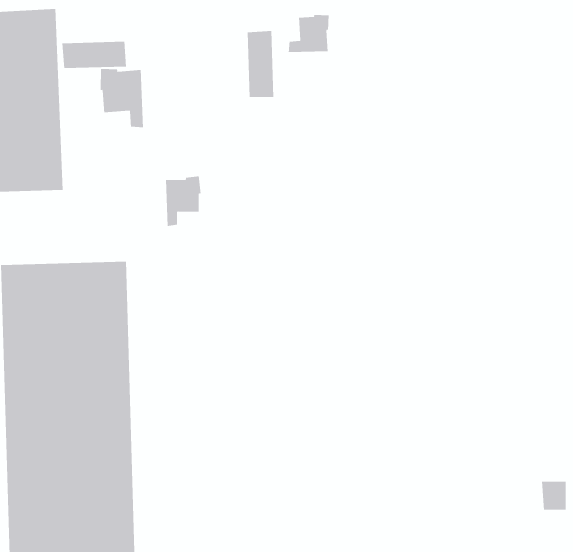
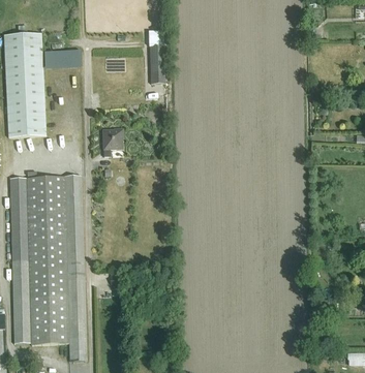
building: [288,14,329,53] -> none
building: [100,68,143,128] -> none

